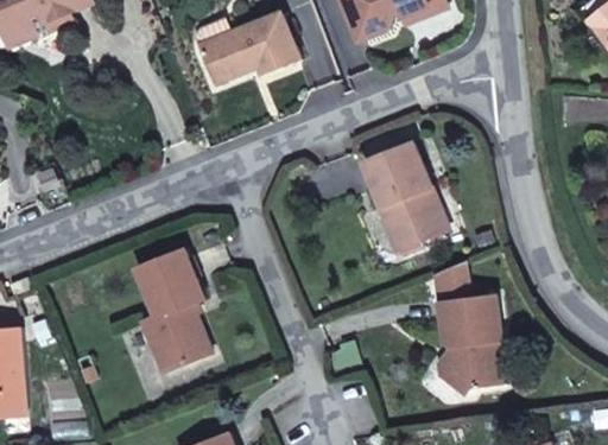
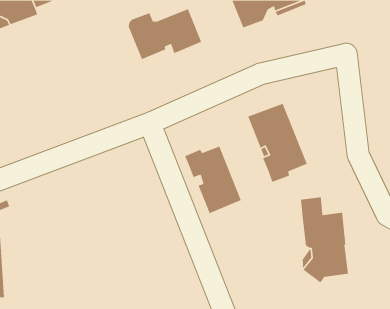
building: none -> [184,145,242,214]
building: [137,250,210,371] -> none

